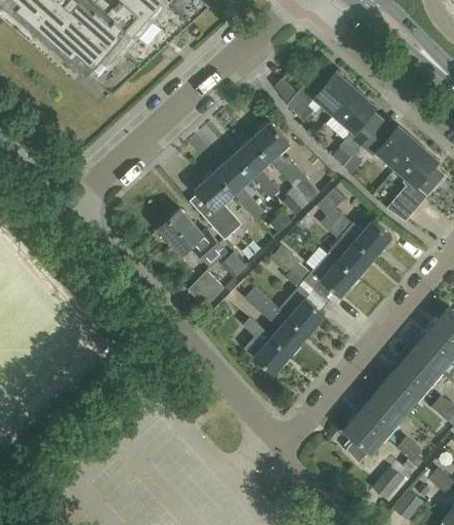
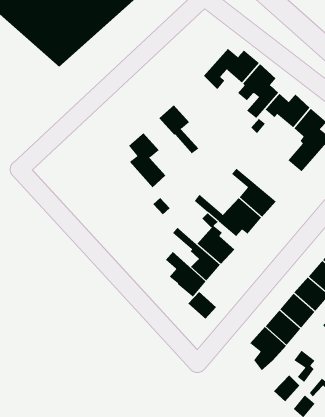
building: [250,122,321,205] -> none
building: [213,156,262,219] -> none
building: [318,190,391,257] -> none
building: [158,209,225,268] -> none
building: [188,272,223,308] -> none
building: none -> [188,291,217,320]

